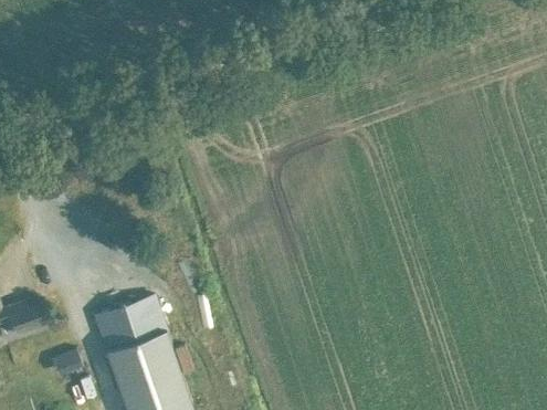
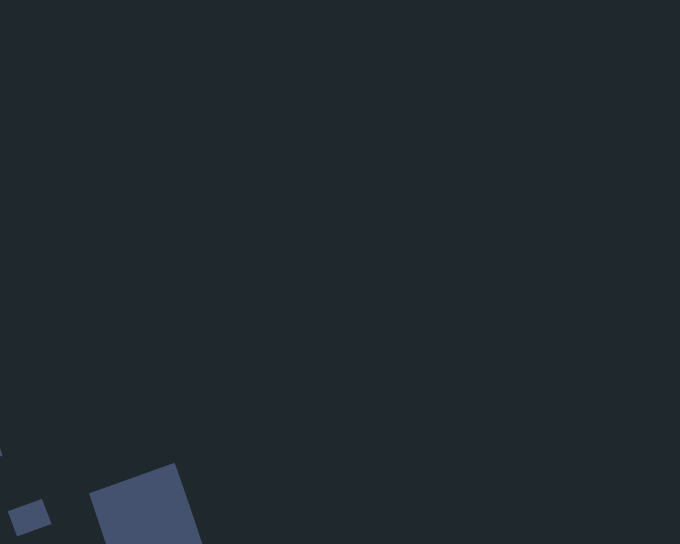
building: [94,294,165,348] -> none

